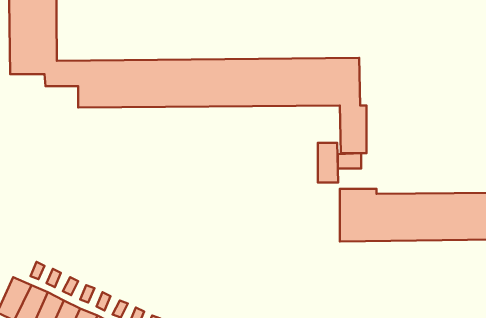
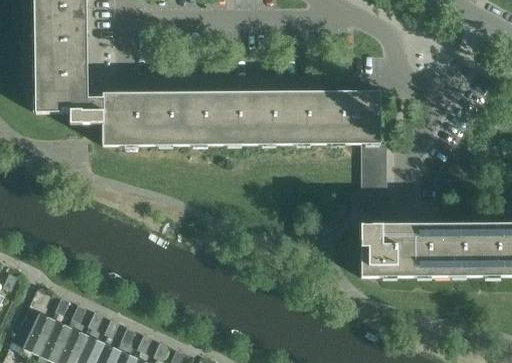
building: [318,143,338,183] -> none

